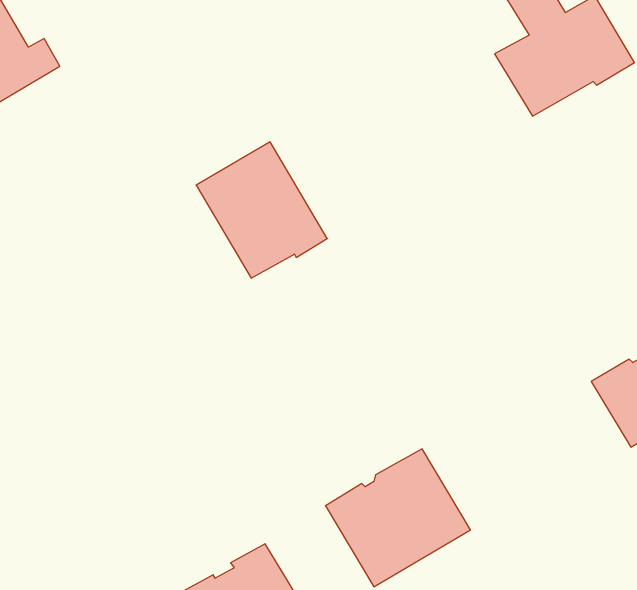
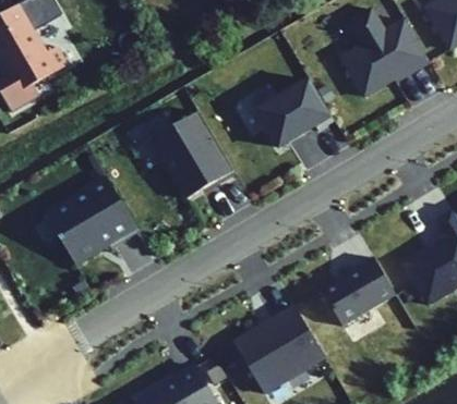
building: none -> [256,78,334,147]
building: none -> [49,176,139,262]
building: none -> [320,257,395,326]

